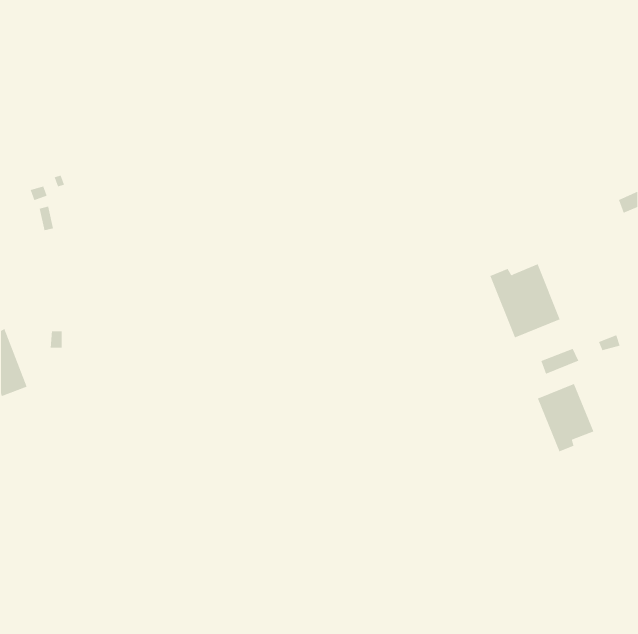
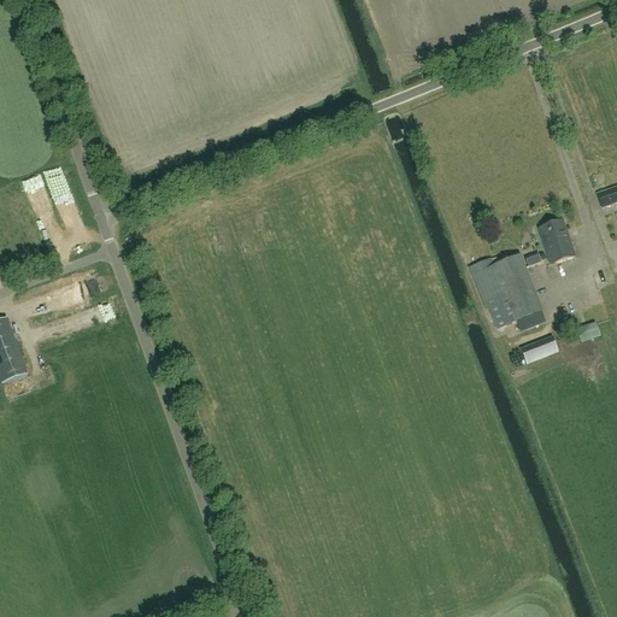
building: none -> [539,219,575,263]
building: [537,383,594,452] -> none

